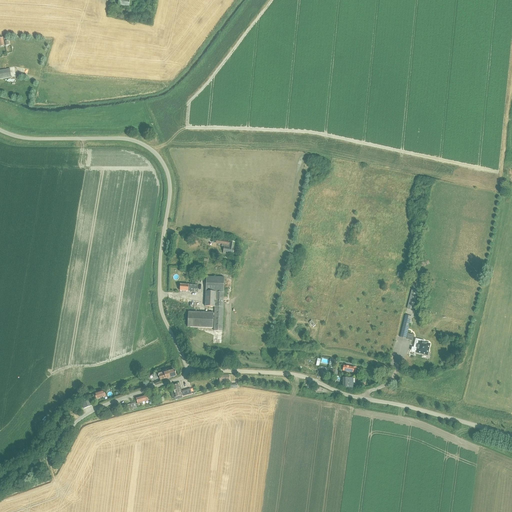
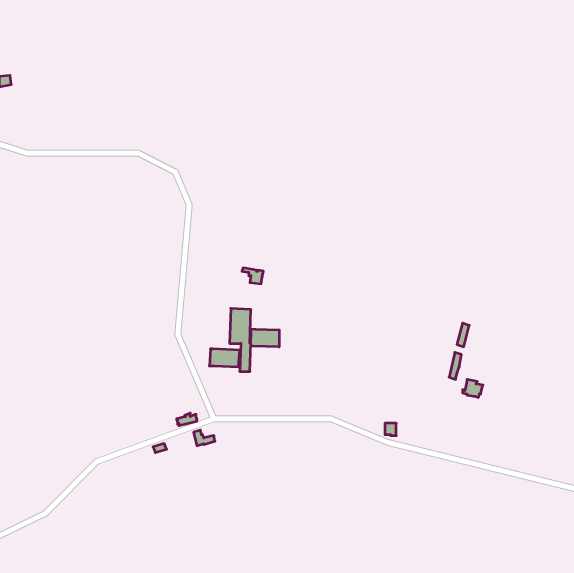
building: none -> [251,329,279,347]

